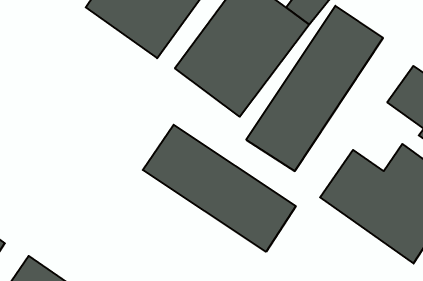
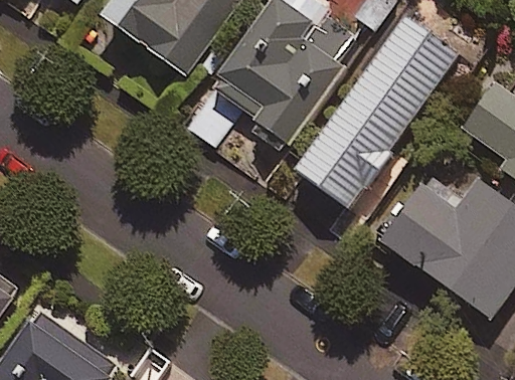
building: [143,125,296,252] -> none

